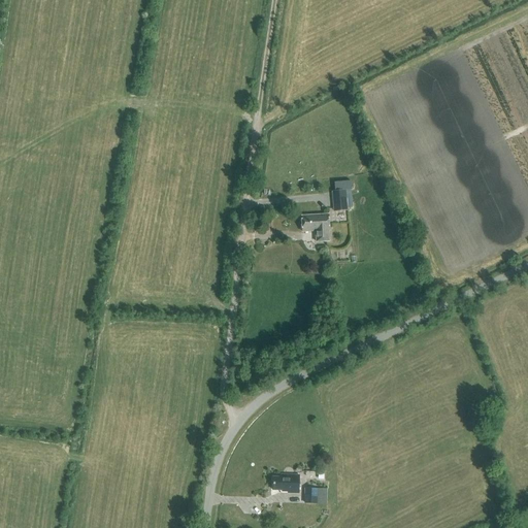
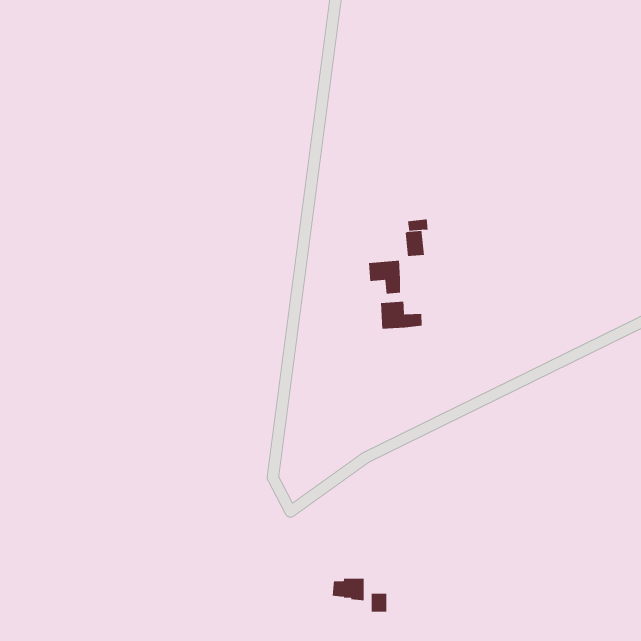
building: none -> [381,301,422,330]

